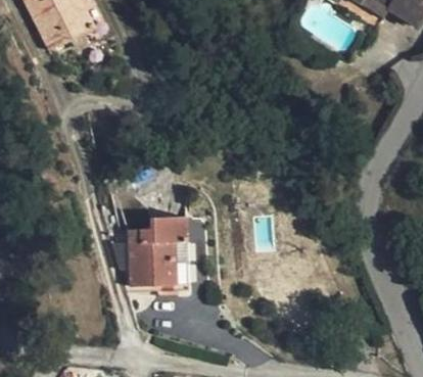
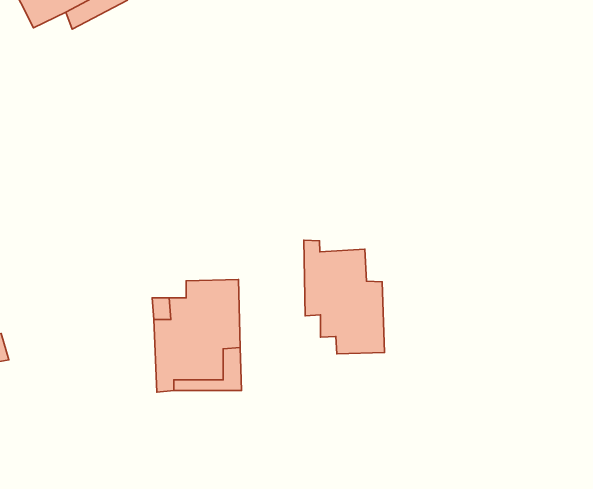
building: none -> [304,240,385,354]

